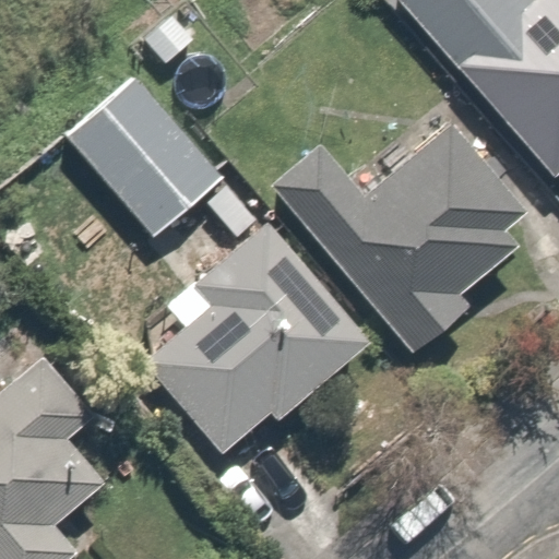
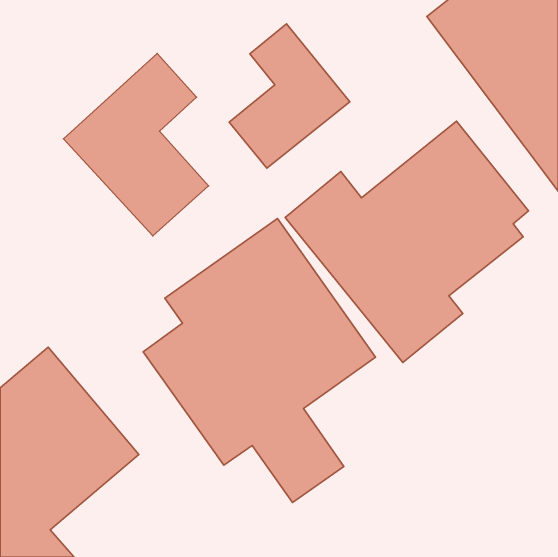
building: none -> [229,24,350,168]

